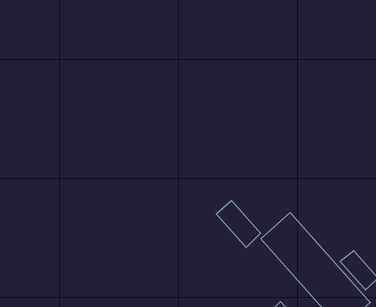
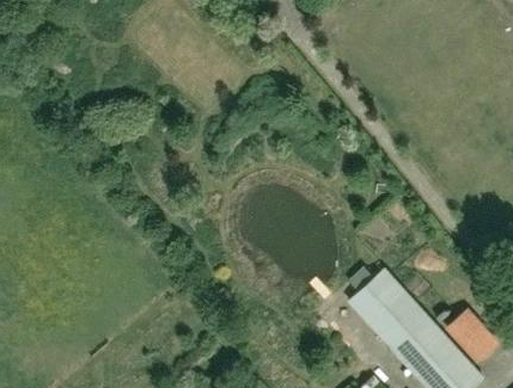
building: [216,201,261,248] -> none

